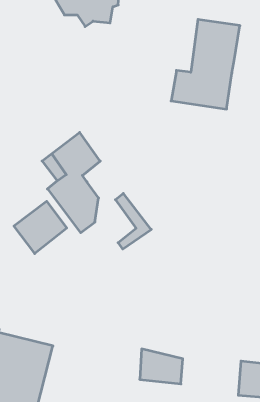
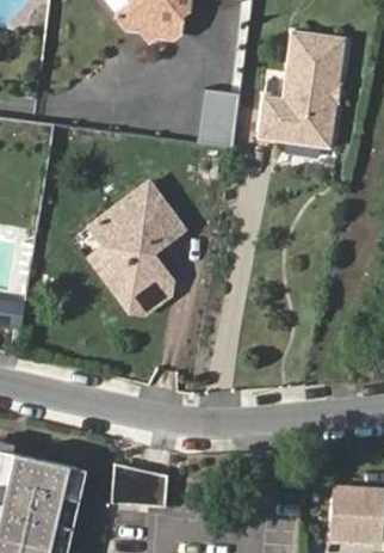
building: [115,193,151,249] -> [130,176,178,250]
building: [14,201,67,254] -> none
building: [140,349,183,384] -> [117,461,174,508]

